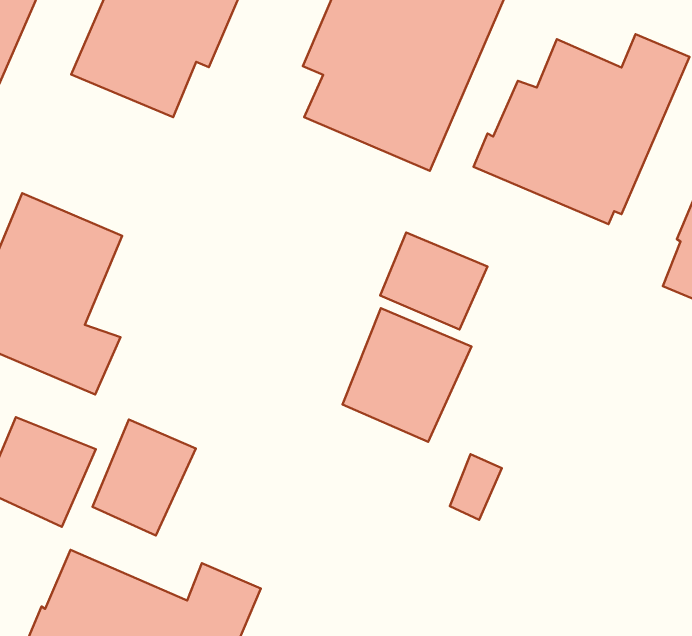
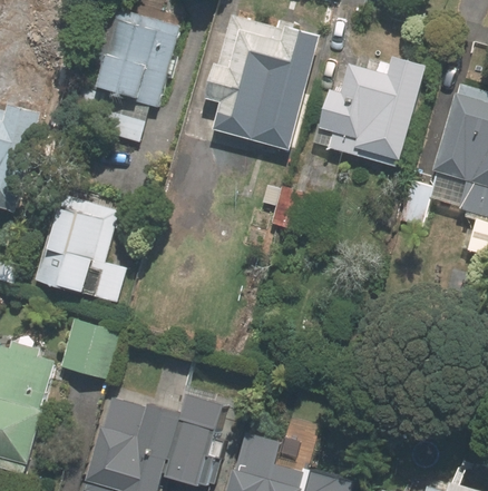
building: [343,308,471,442] -> none
building: [93,419,196,535] -> none

